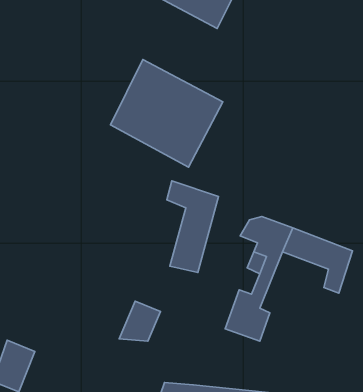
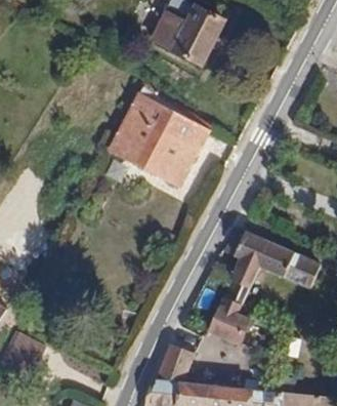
building: [167,181,218,272] -> none
building: [119,301,161,341] -> [157,346,194,381]

